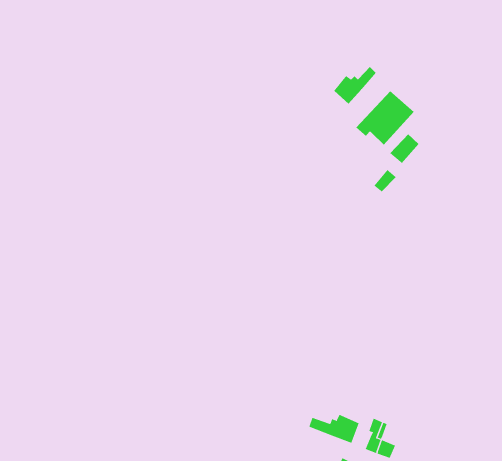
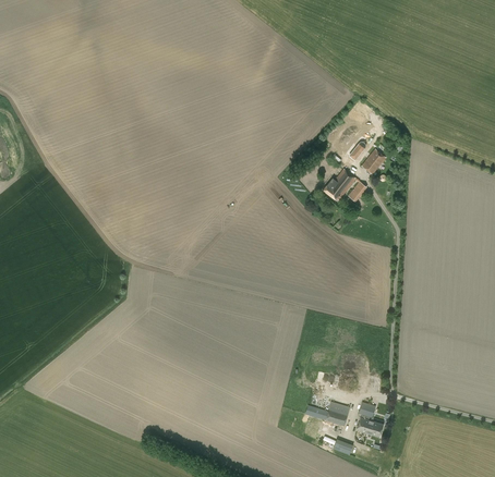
building: [333,66,377,104] -> none
building: none -> [324,169,355,201]

